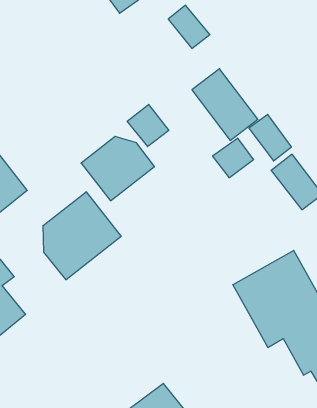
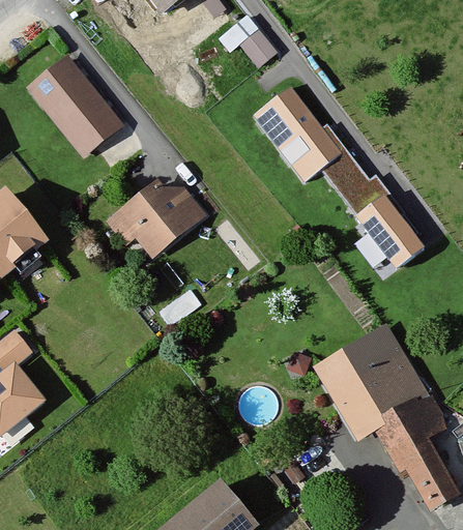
building: none -> [24,55,120,155]
building: [127,104,169,147] -> none
building: [213,138,254,178] -> none
building: [43,192,121,280] -> none

